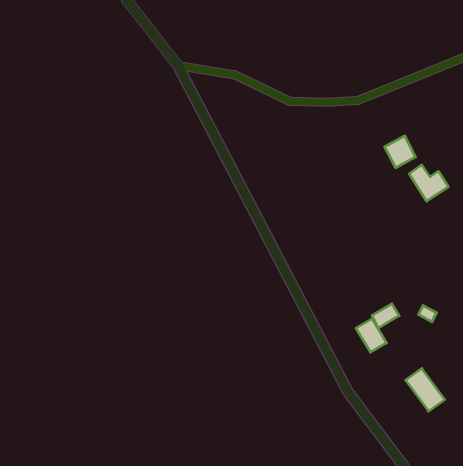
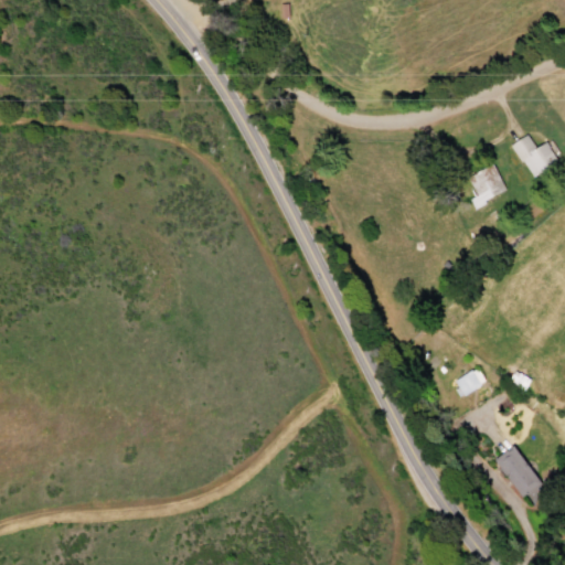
building: [409,165,448,201] -> [512,135,559,179]
building: [356,319,387,352] -> none

